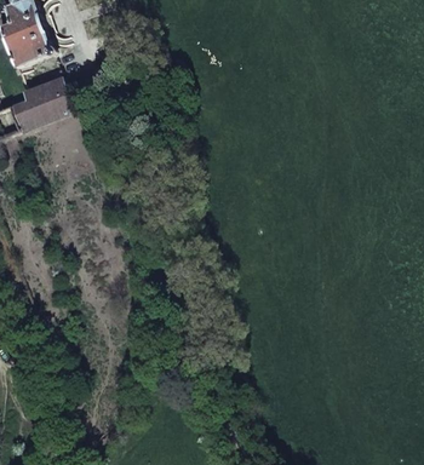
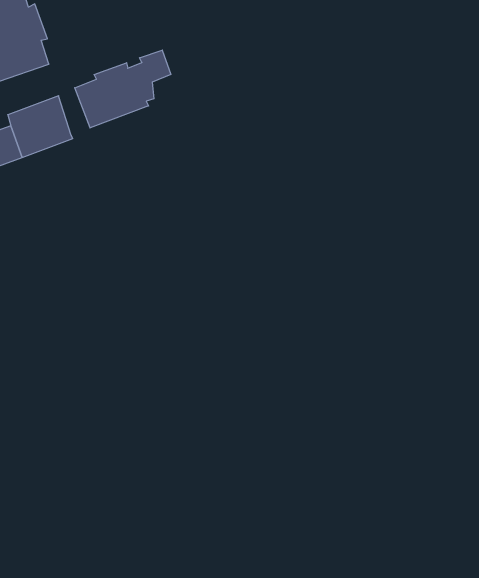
building: none -> [75,50,171,128]

